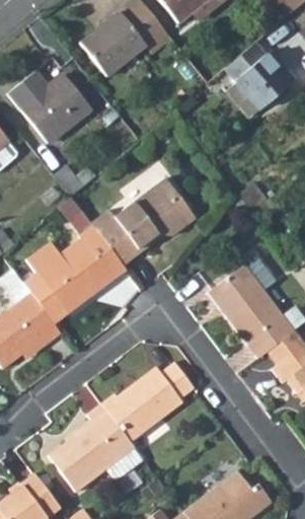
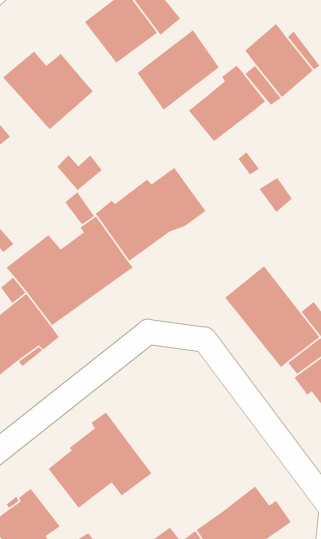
building: none -> [137,29,220,111]
building: none -> [188,65,266,142]
building: [101,360,197,440] -> none

